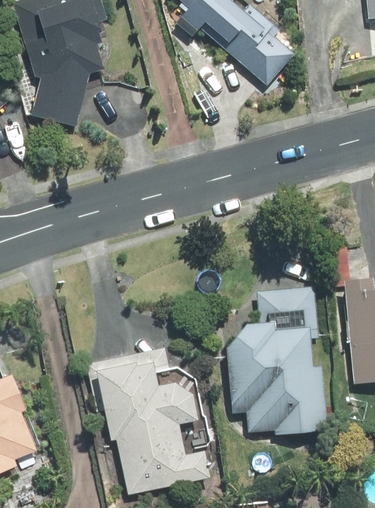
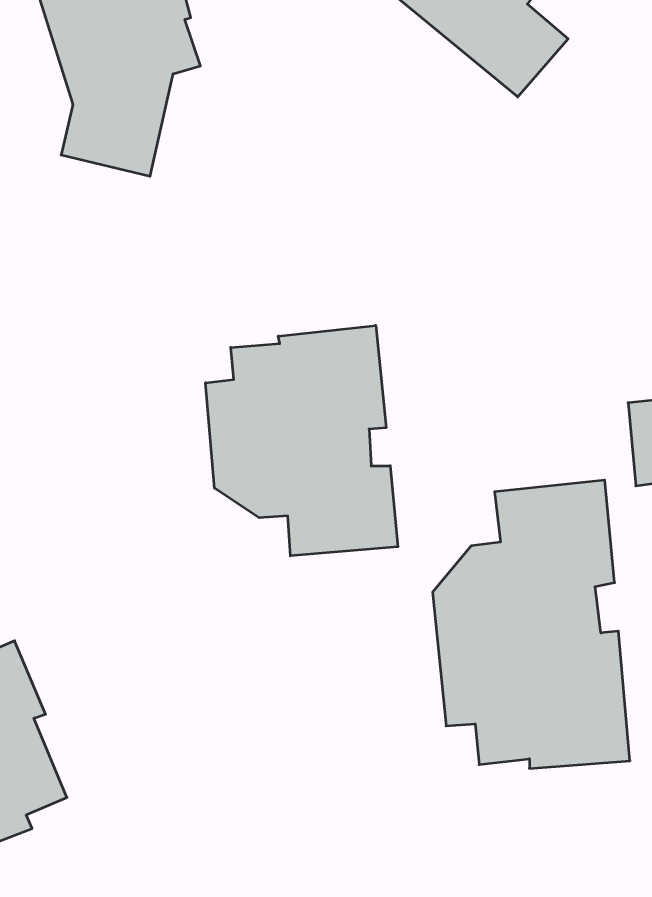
building: none -> [206,325,398,556]
building: [87,347,210,494] -> none

